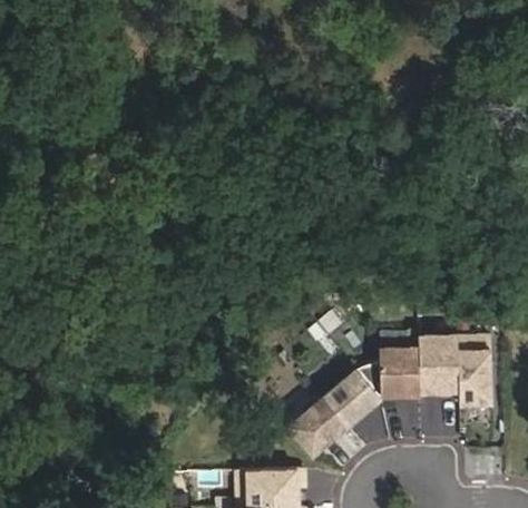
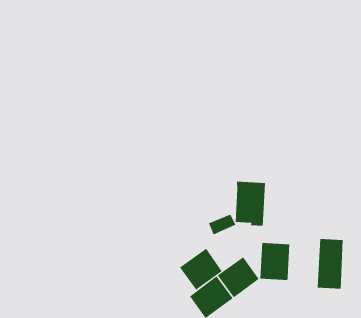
building: [419,336,459,395] -> [235,181,266,226]
building: none -> [179,248,223,291]

